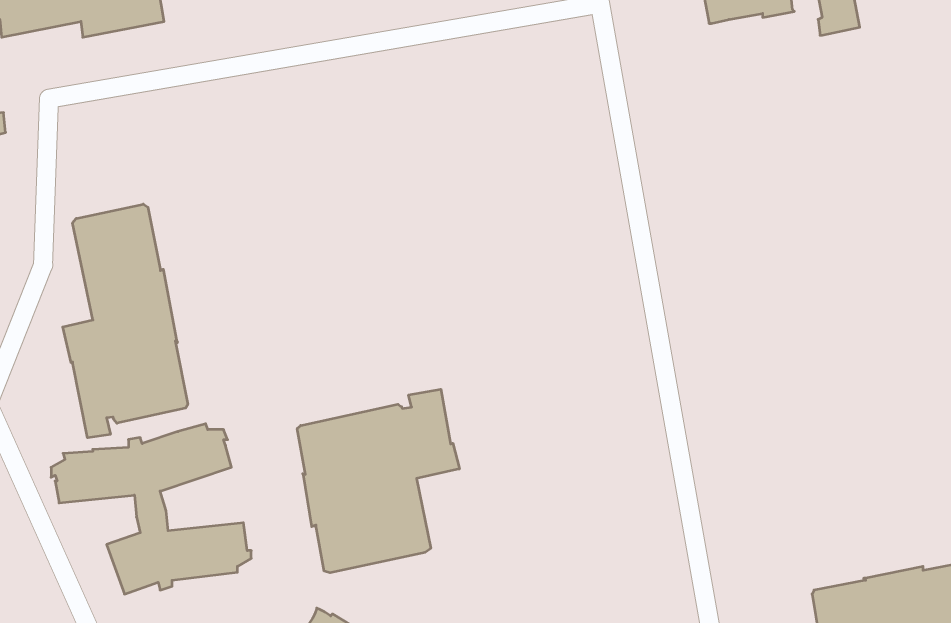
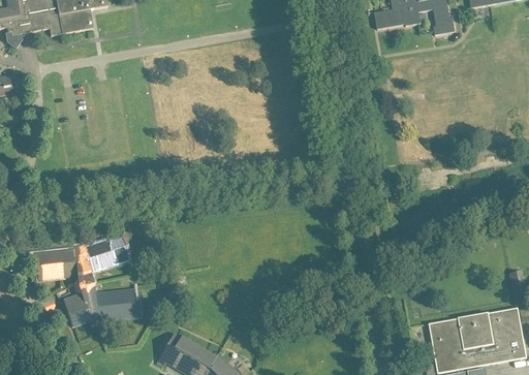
building: [63,204,188,438] -> none
building: [297,389,459,573] -> none

